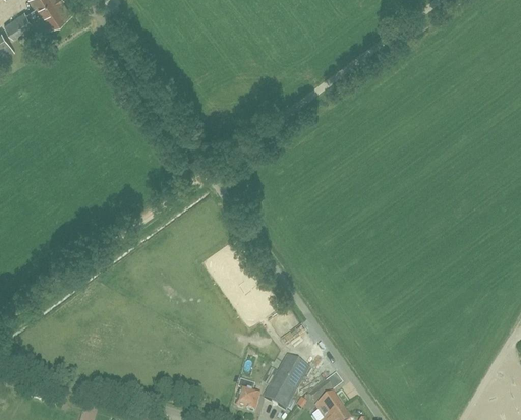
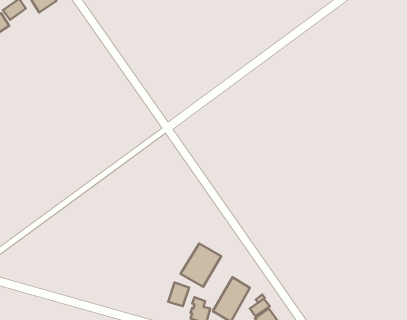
building: none -> [181,244,221,287]
building: none -> [168,282,189,306]

